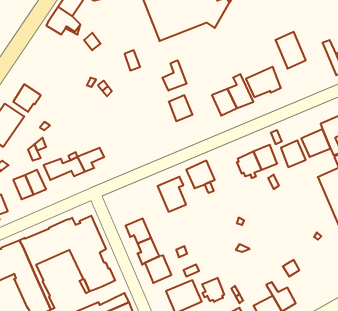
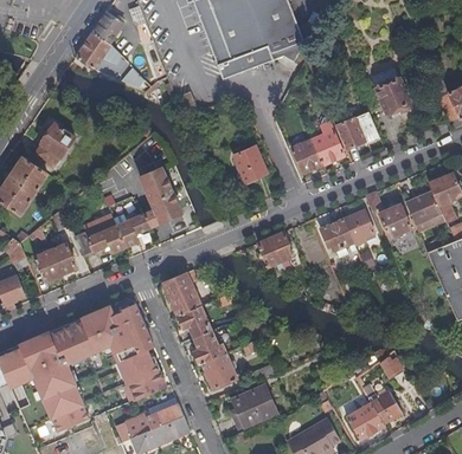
building: [162,60,187,91] -> none
building: none -> [141,167,181,226]
building: [158,177,186,212] -> [165,270,201,314]
building: [202,278,224,302] -> none

